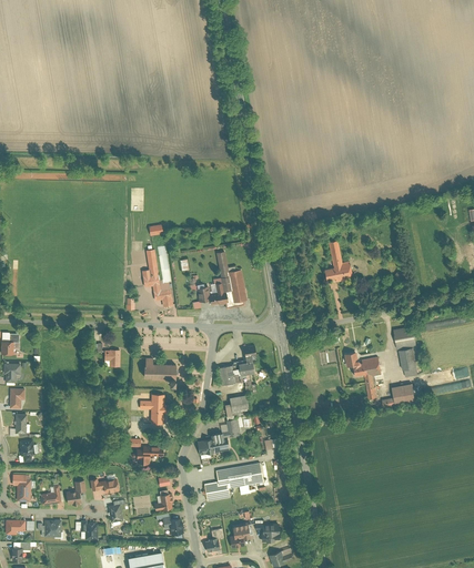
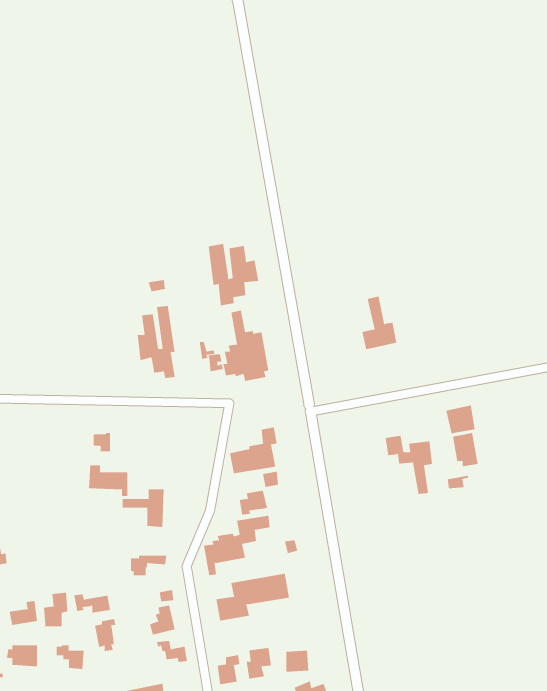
building: none -> [208,243,259,306]
building: [145,358,178,384] -> [88,465,128,497]

